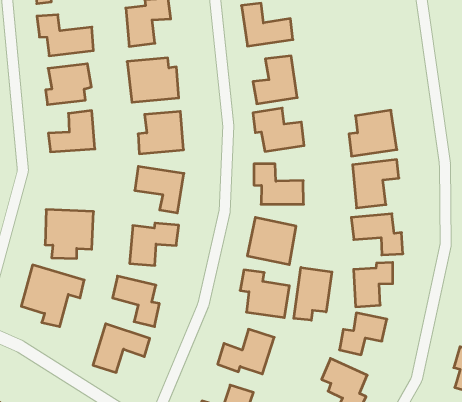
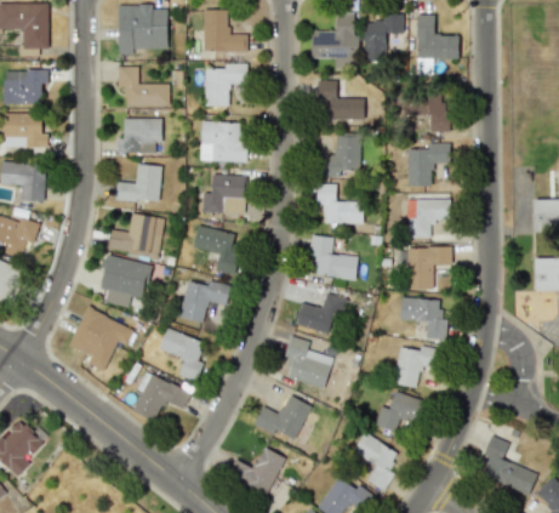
building: none -> [403,95,449,131]
building: none -> [406,143,450,187]
building: none -> [109,215,164,257]
building: [294,267,332,320] -> none

